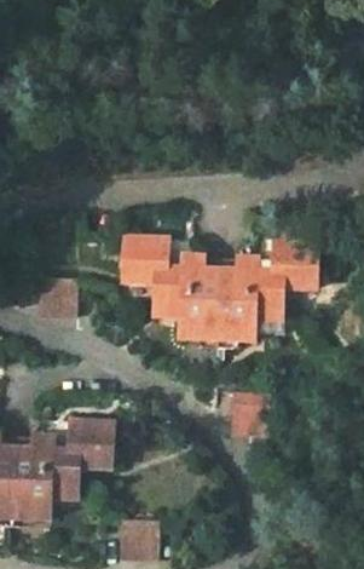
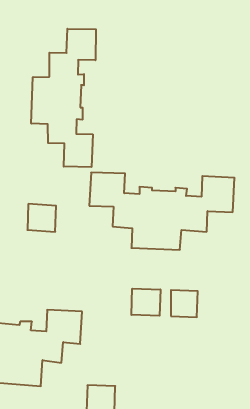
building: none -> [31,29,96,167]
building: none -> [131,289,160,316]

